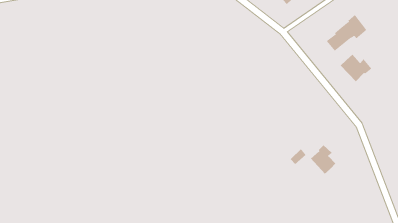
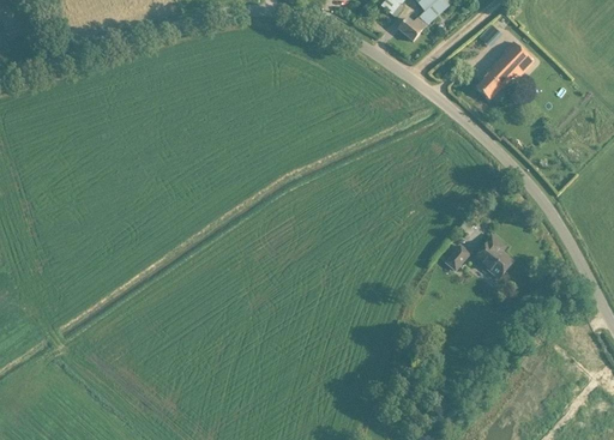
building: [340,54,372,82] -> none

